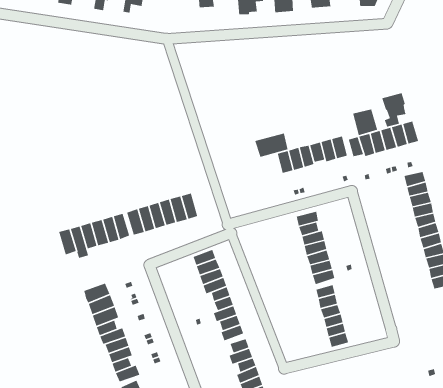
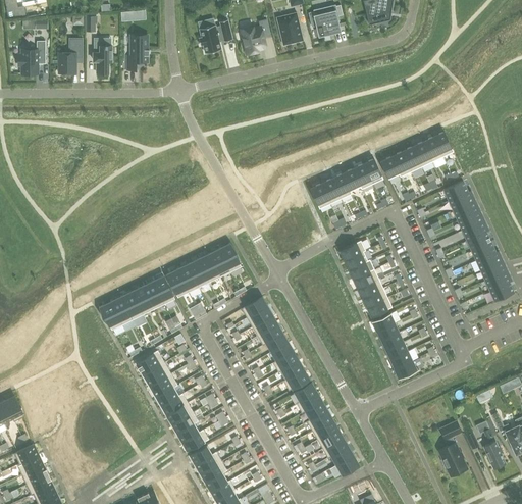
building: [381,92,407,127] -> none
building: [352,108,378,136] -> none
building: [254,133,289,158] -> none

